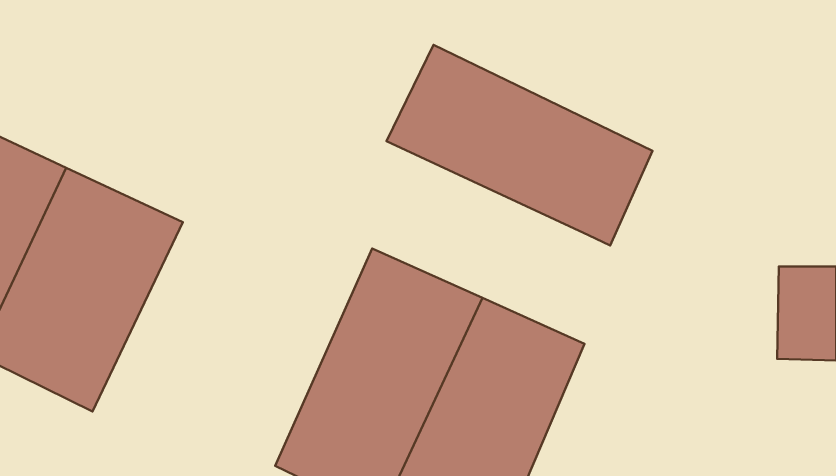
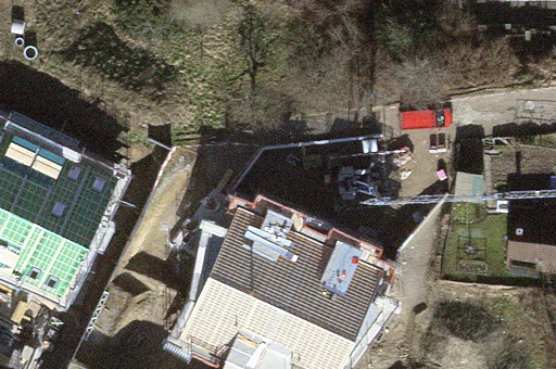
building: [386,45,652,246] -> none

